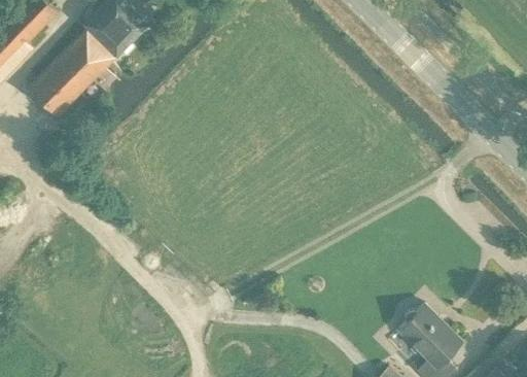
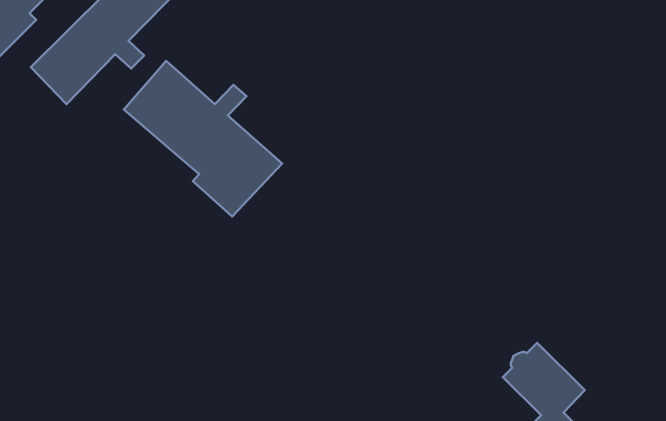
building: none -> [124,61,282,217]

